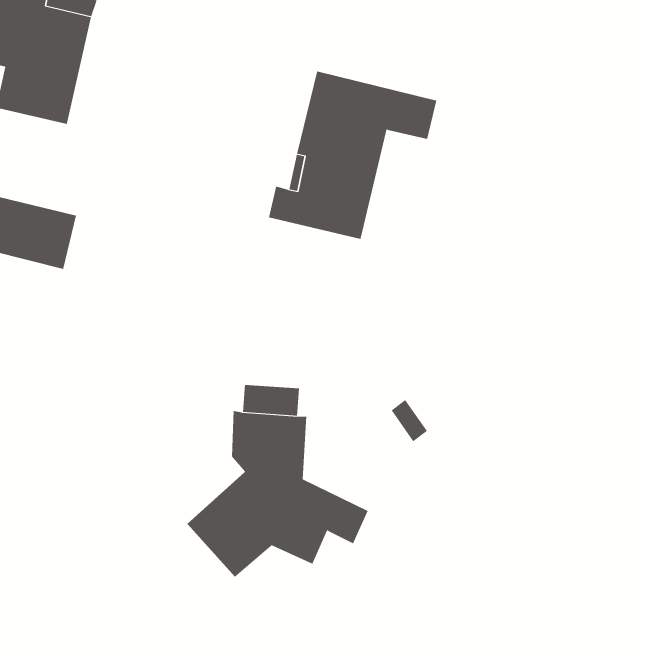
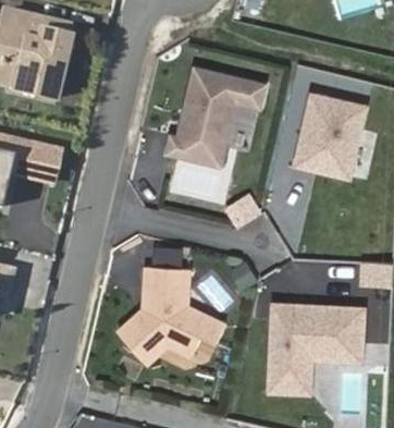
building: none -> [297,94,366,174]
building: none -> [274,304,367,391]

